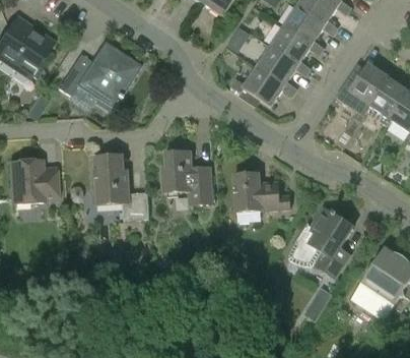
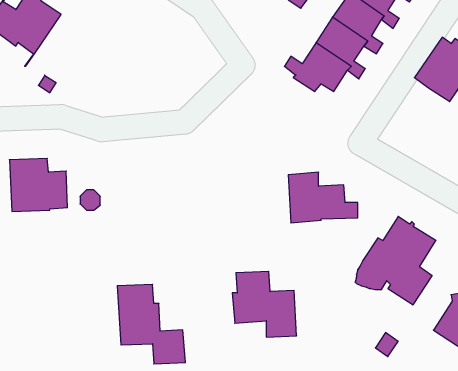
building: [58,40,141,111] -> none
building: [161,151,213,203] -> [232,271,297,337]
building: [94,155,149,219] -> [117,284,185,364]

